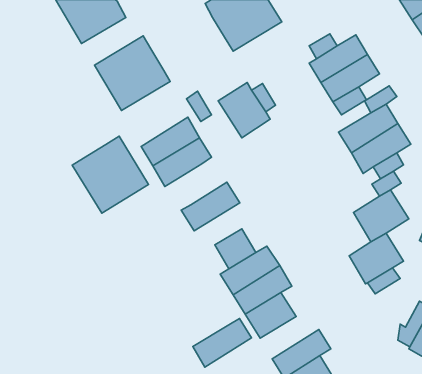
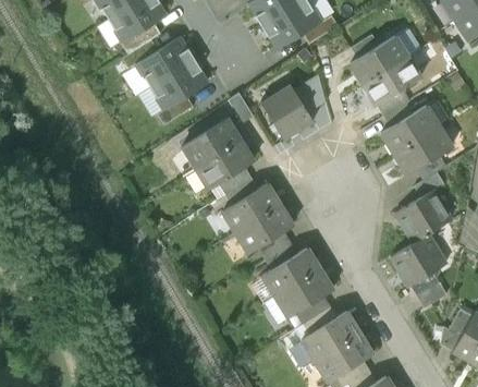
building: [72,136,149,213] -> none
building: none -> [218,166,259,207]
building: none -> [236,205,294,253]
building: [193,318,251,367] -> [303,313,361,362]

